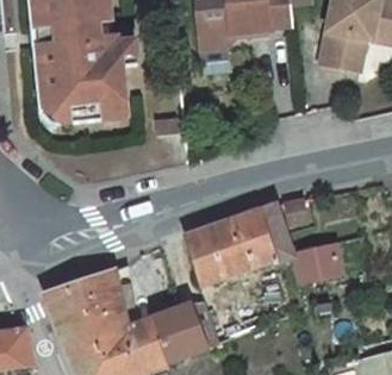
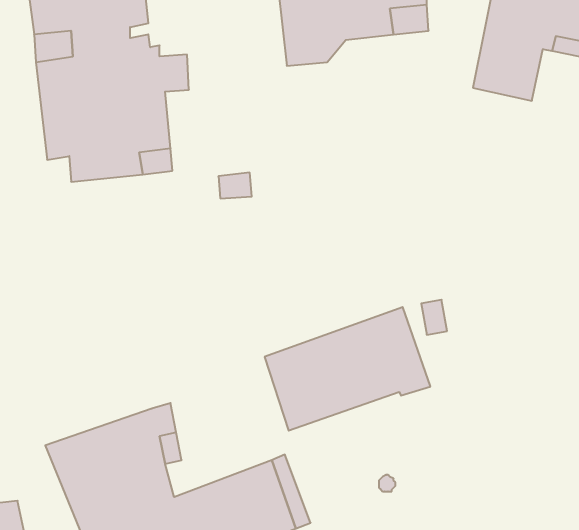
building: [292,244,343,281] -> none

